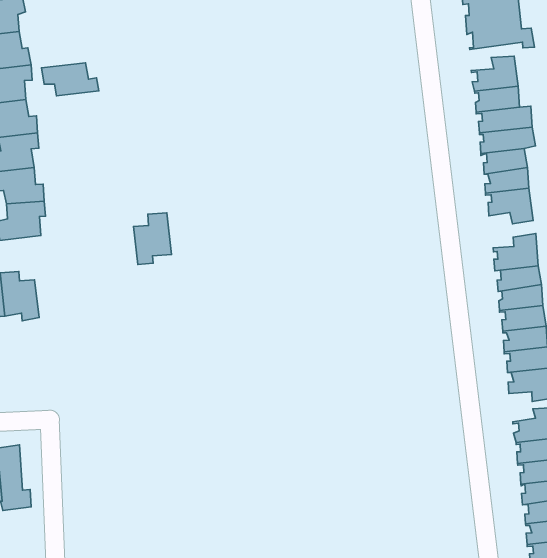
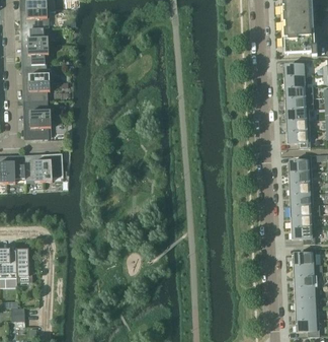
building: [41,63,99,96] -> none
building: [133,213,171,264] -> [43,154,62,181]

